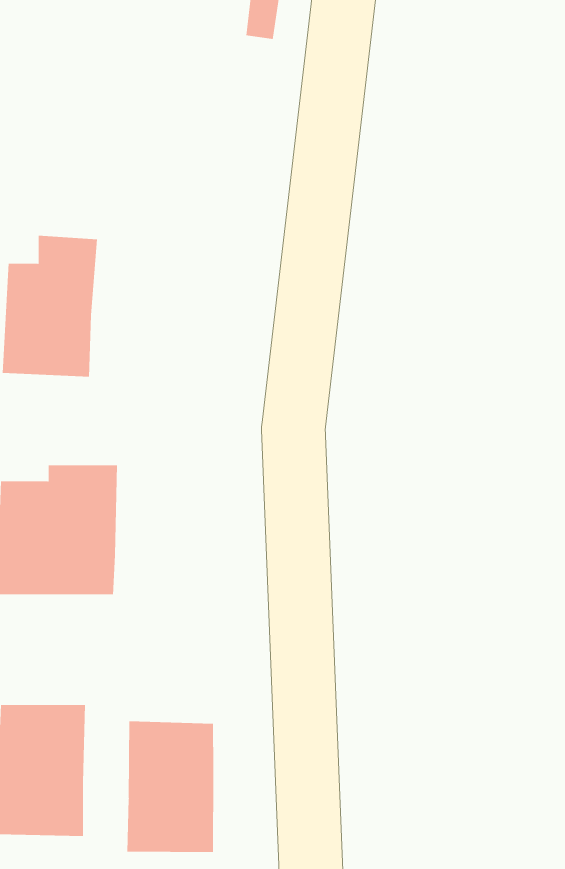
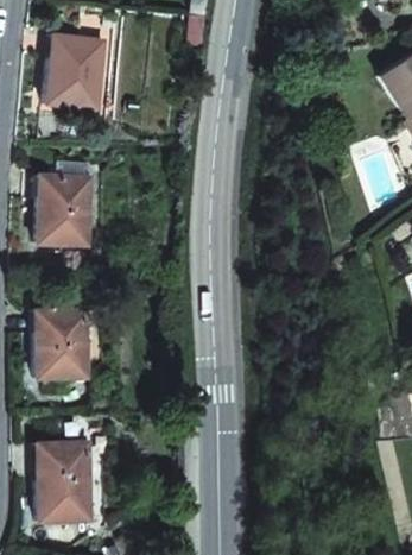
building: none -> [47,37,109,111]
building: [127,721,214,853] -> none

